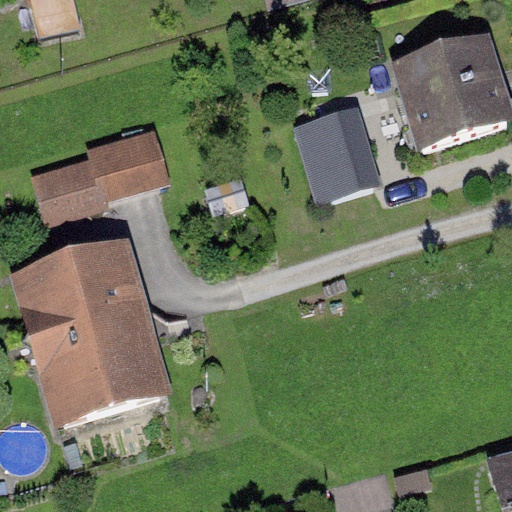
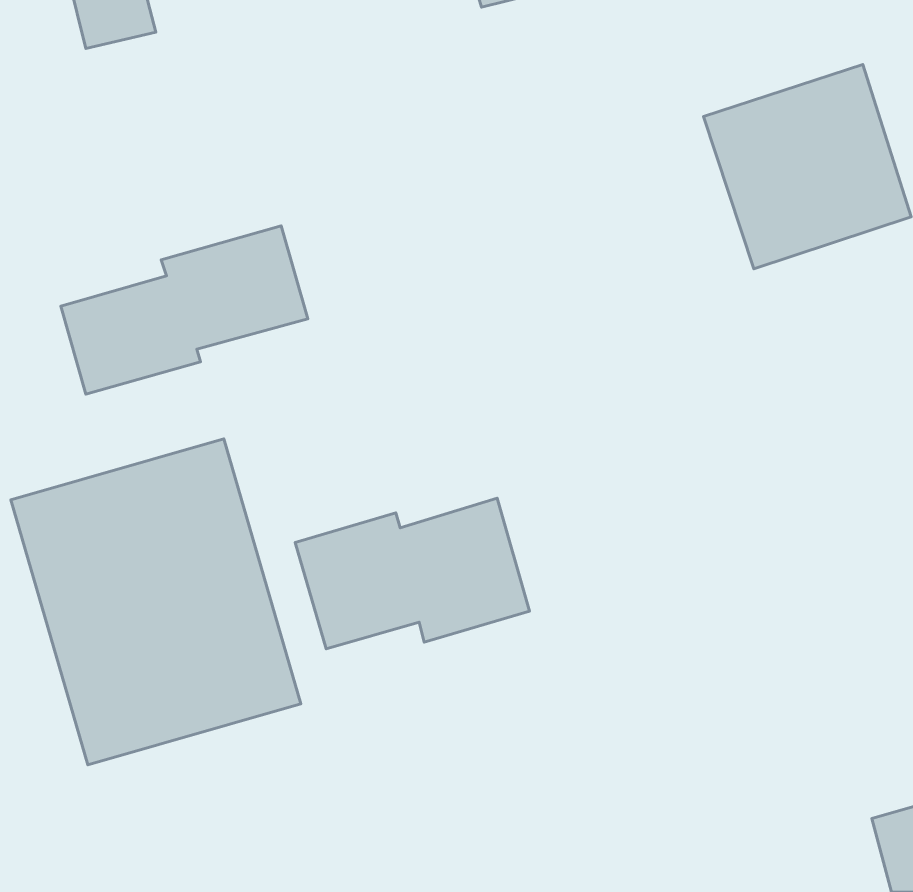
building: [295,99,385,196] -> none
building: none -> [295,498,530,649]

